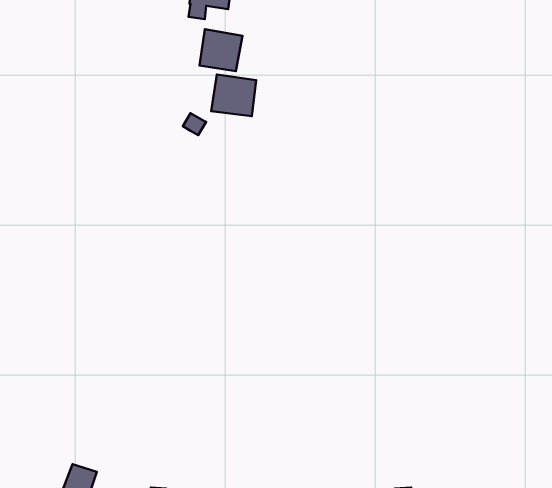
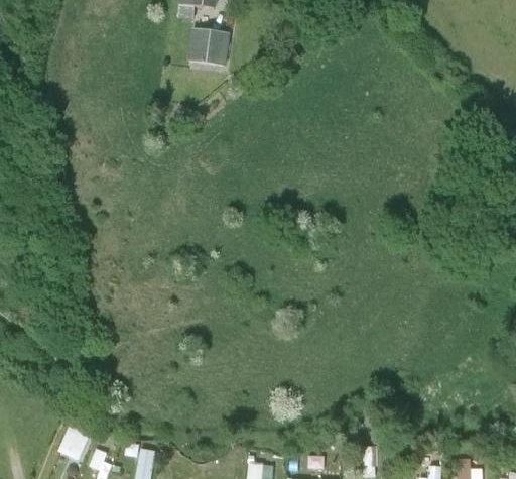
building: [211,74,256,116] -> none

